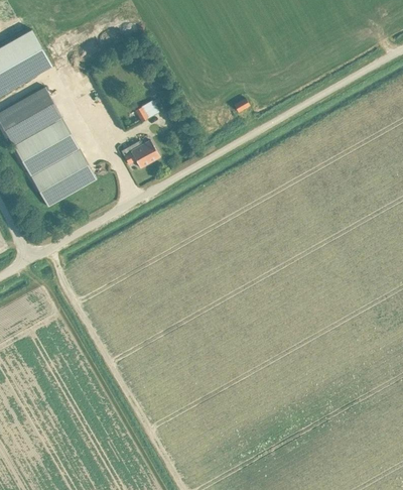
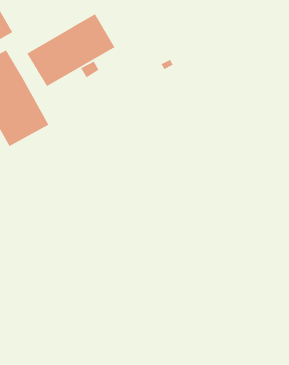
building: none -> [27,14,115,87]
building: [124,140,160,168] -> none

